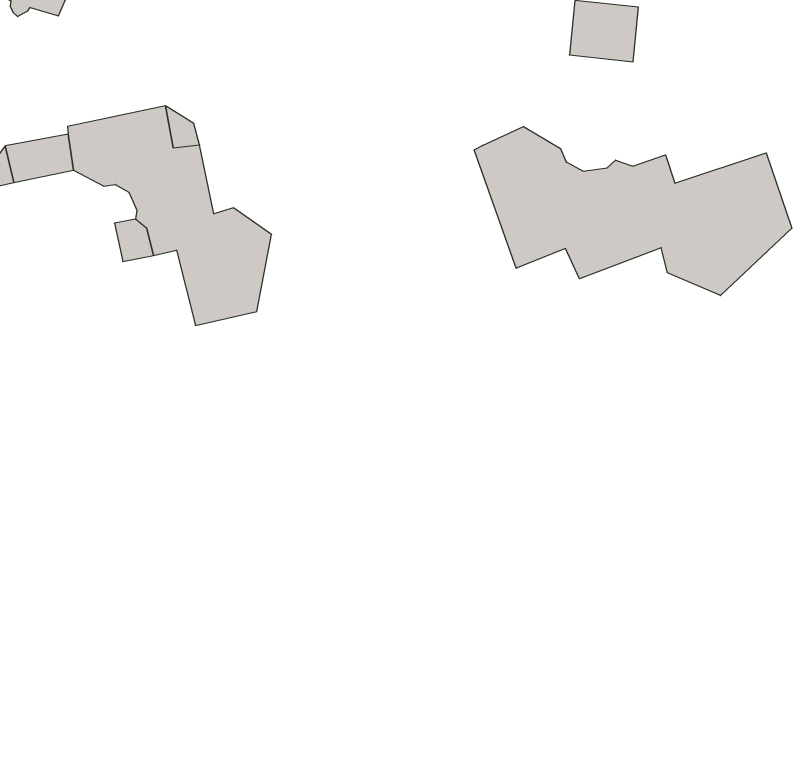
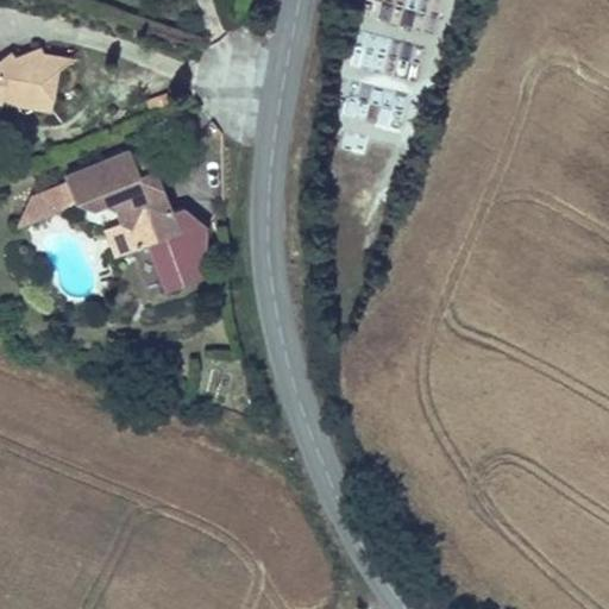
building: [474,127,792,296] -> none

